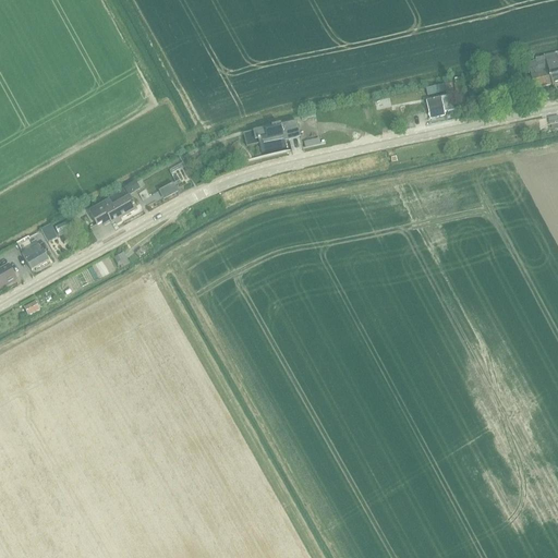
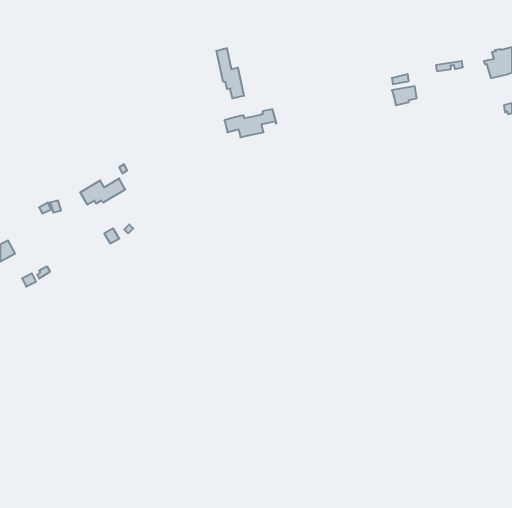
building: none -> [216,48,244,98]
building: [22,236,49,267] -> none

